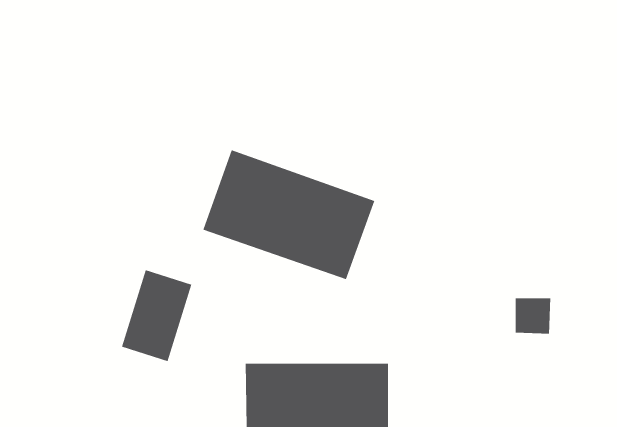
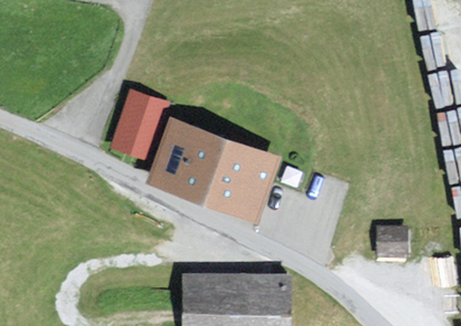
building: [121,269,192,362] -> [115,91,167,158]

